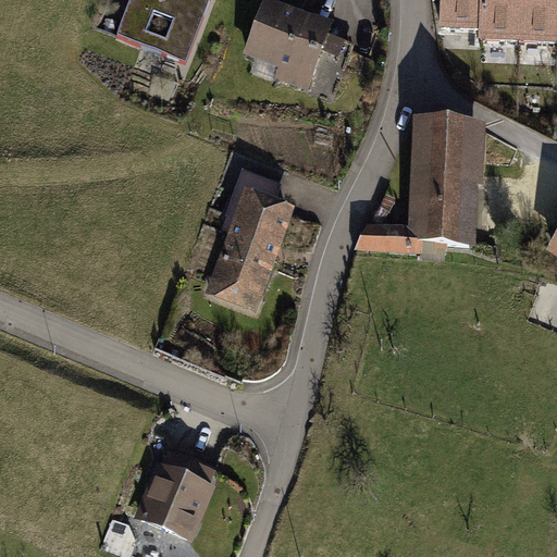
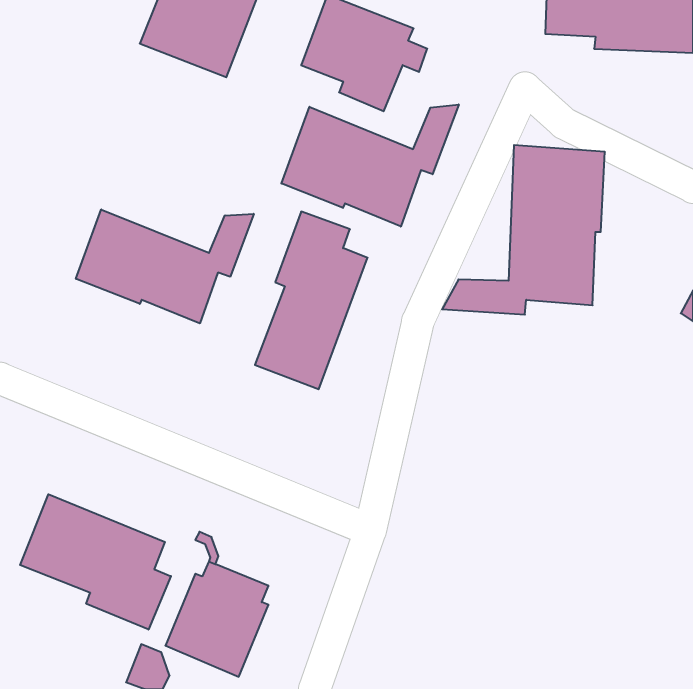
building: none -> [281,104,459,227]
building: none -> [76,209,254,323]
building: none -> [20,494,171,630]

